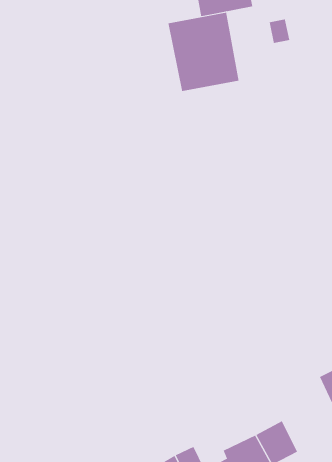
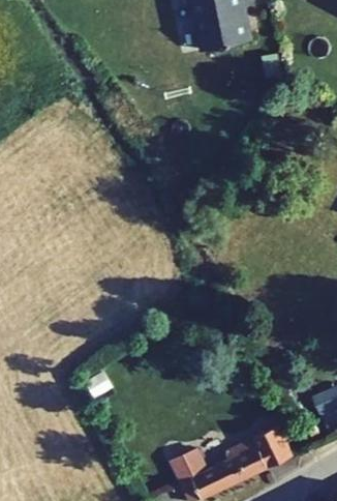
building: [168,12,239,92] -> none

